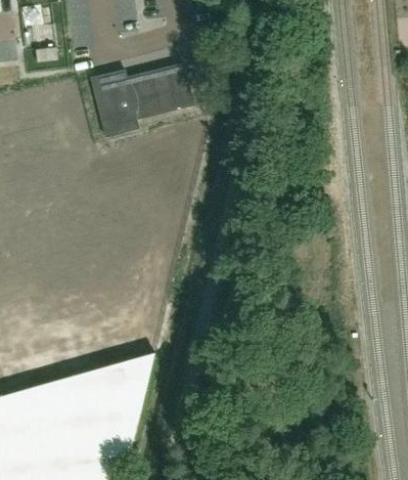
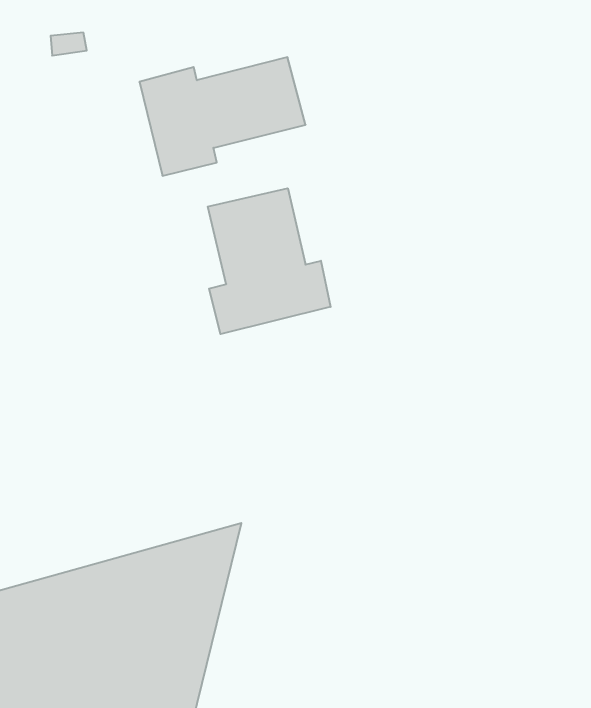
building: none -> [208,188,331,334]

